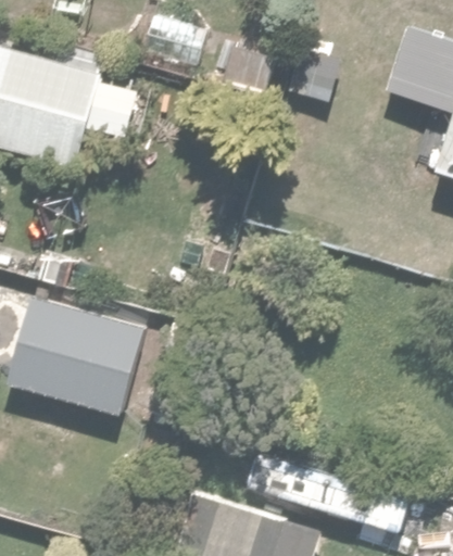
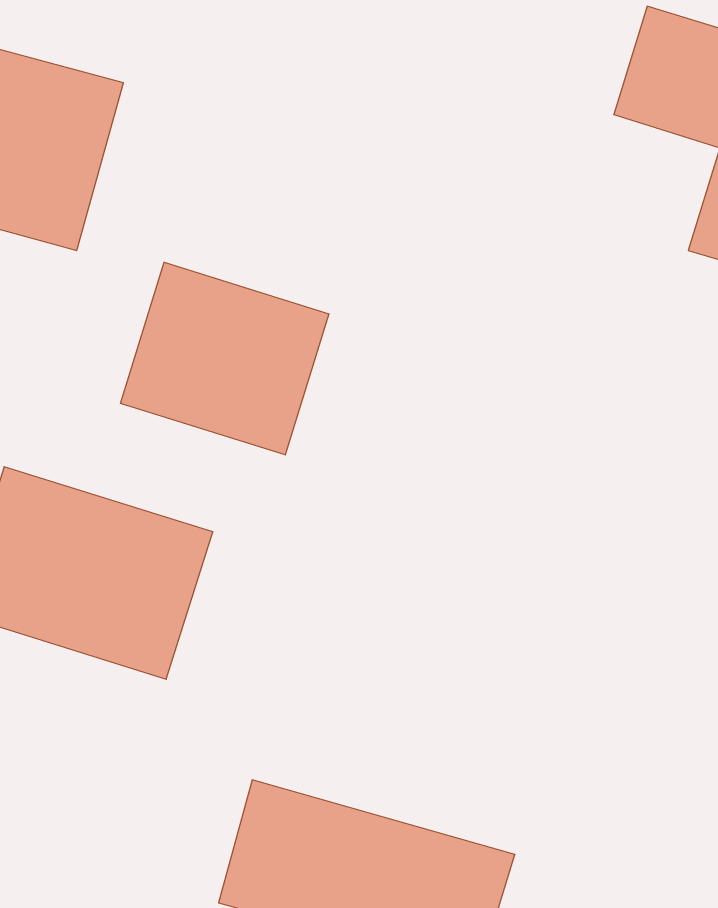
building: none -> [121,262,329,455]

